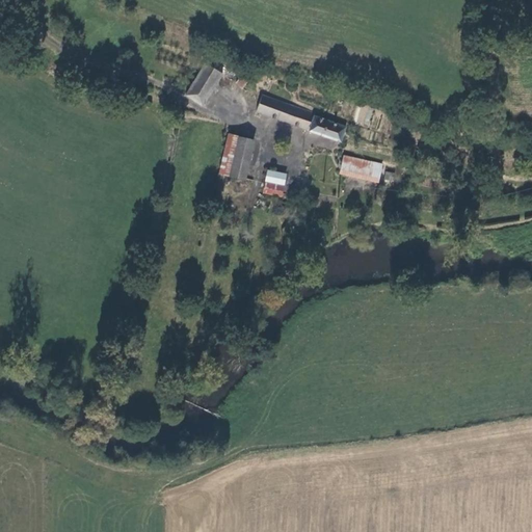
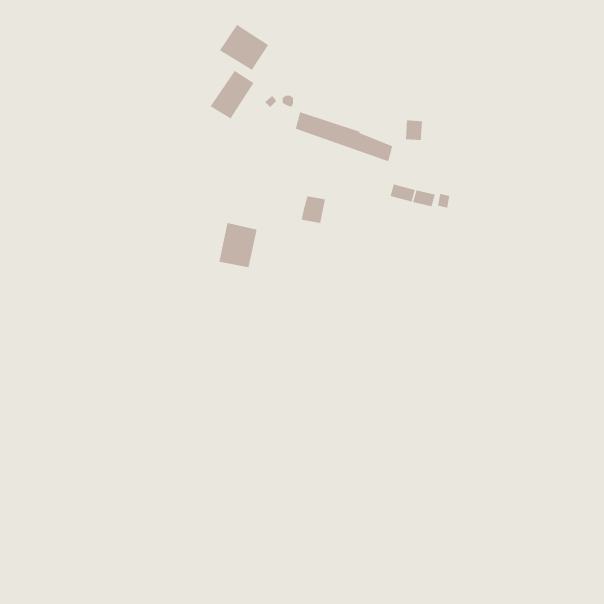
building: none -> [219,24,269,71]
building: [219,138,254,179] -> [218,222,257,268]

